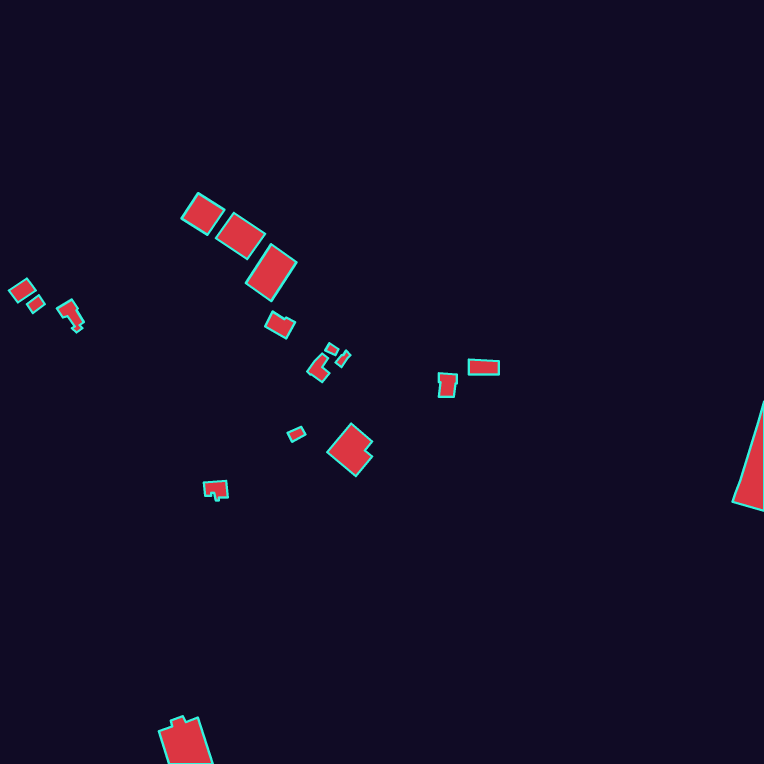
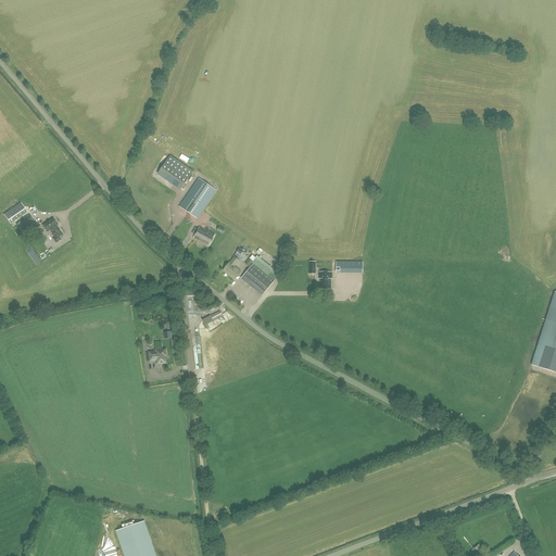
building: [182,193,224,235] -> none
building: [327,424,372,476] -> [242,256,275,294]

